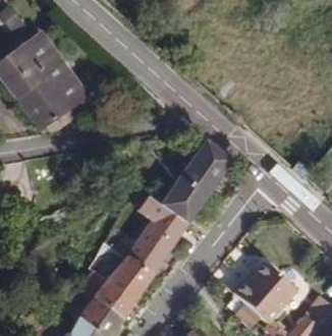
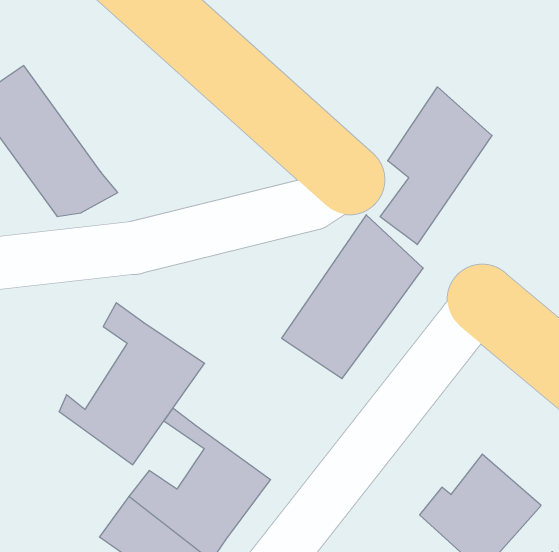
building: [17,27,84,104] -> none
building: none -> [380,87,492,245]
building: [113,184,193,274] -> [59,303,205,465]

